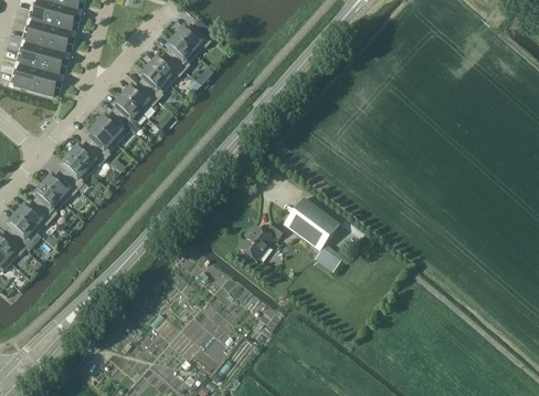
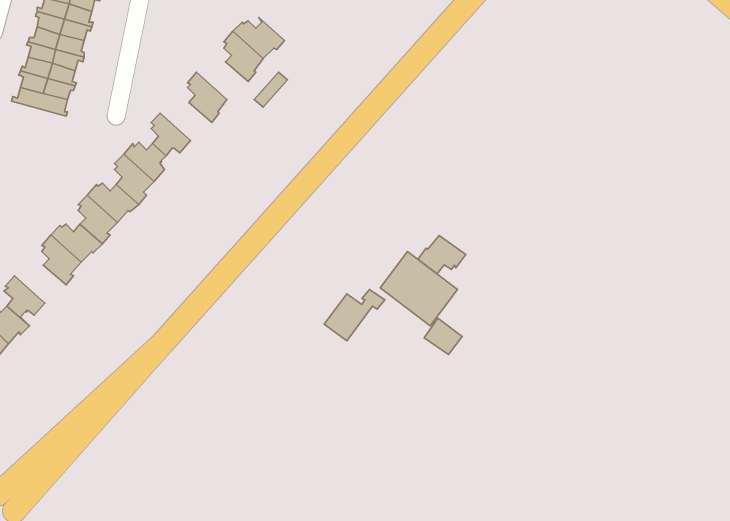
building: [147,55,184,83] -> none
building: [120,84,158,113] -> none
building: none -> [418,236,466,274]
building: [14,204,52,231] -> none

